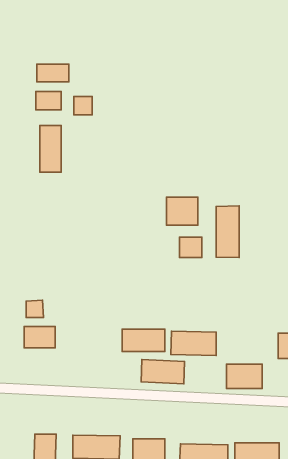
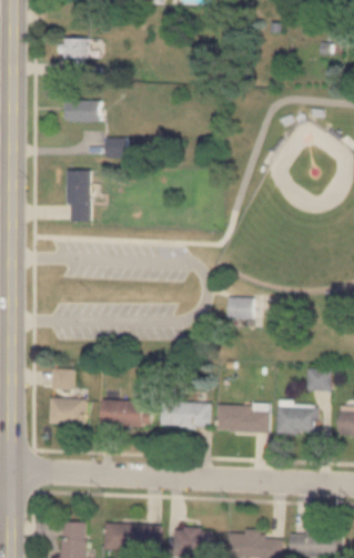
building: none -> [60,38,88,58]
building: [36,92,61,110] -> none
building: [166,197,198,225] -> none
building: [216,206,239,258] -> none
building: [141,360,185,384] -> [100,399,150,427]
building: [226,364,262,388] -> [276,406,317,434]

